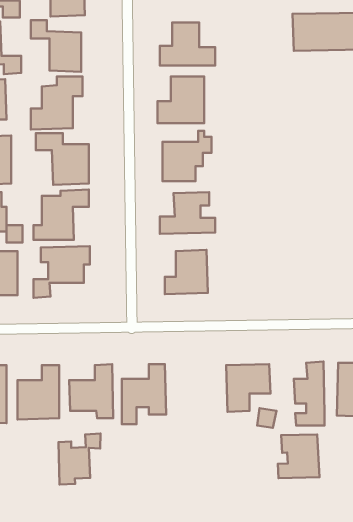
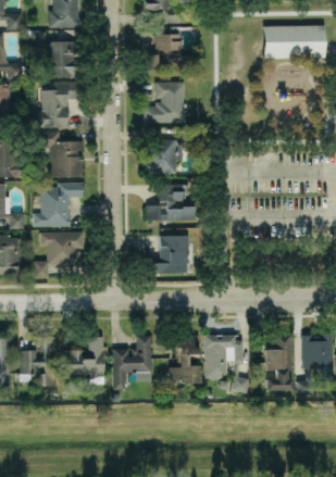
building: none -> [167,335,200,382]
building: [59,434,101,485] -> none
building: [278,434,320,478] -> none

